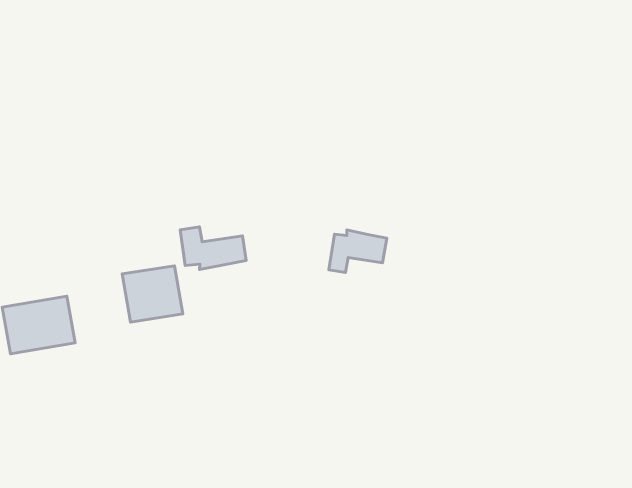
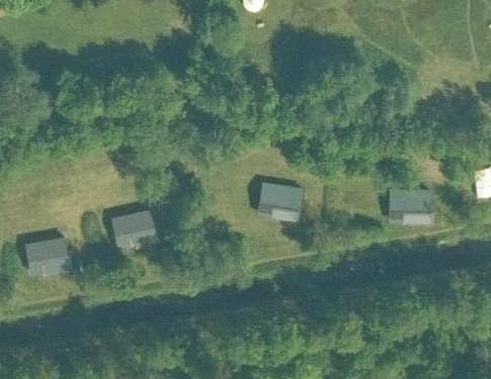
building: [180,227,246,270] -> none
building: none -> [394,191,433,221]

